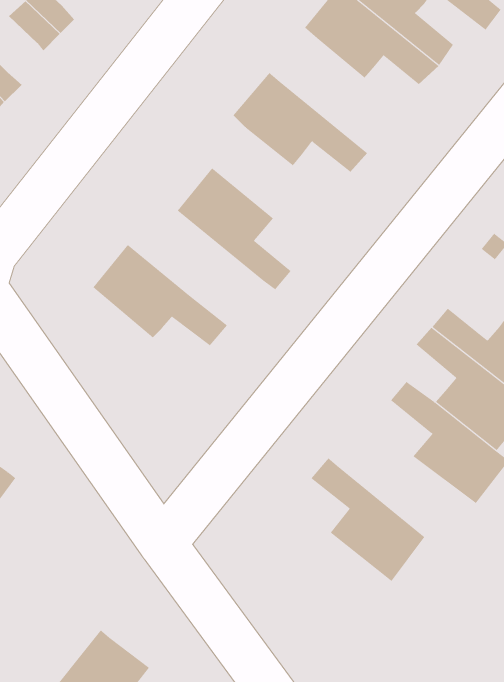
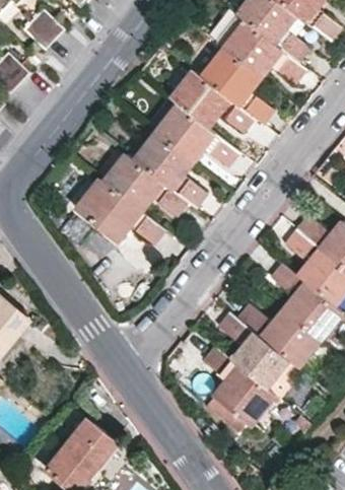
building: none -> [198,45,272,124]
building: none -> [154,101,238,163]
building: none -> [100,148,187,212]
building: none -> [234,303,323,369]
building: none -> [202,346,277,425]

